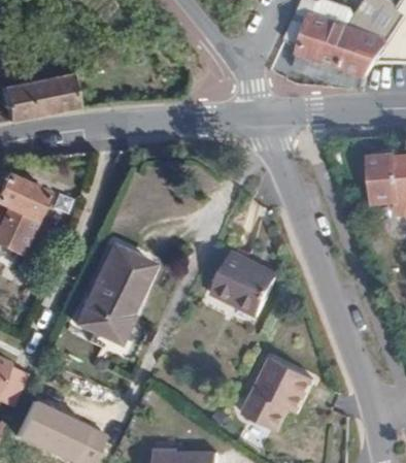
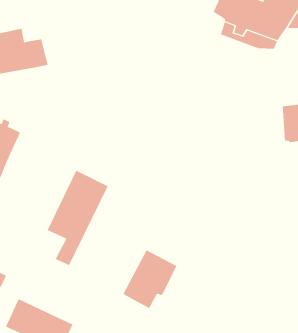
building: [207,243,276,310] -> none
building: [239,359,308,434] -> [123,249,177,309]

